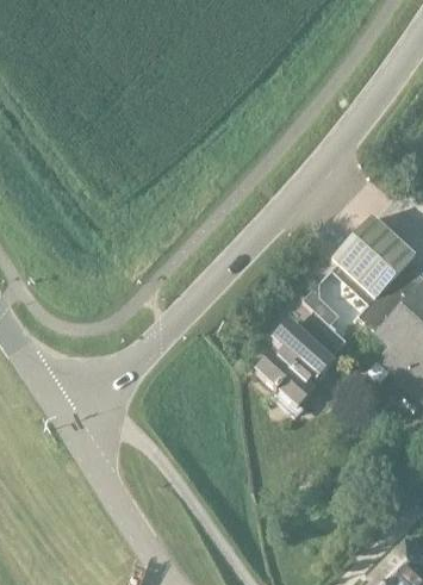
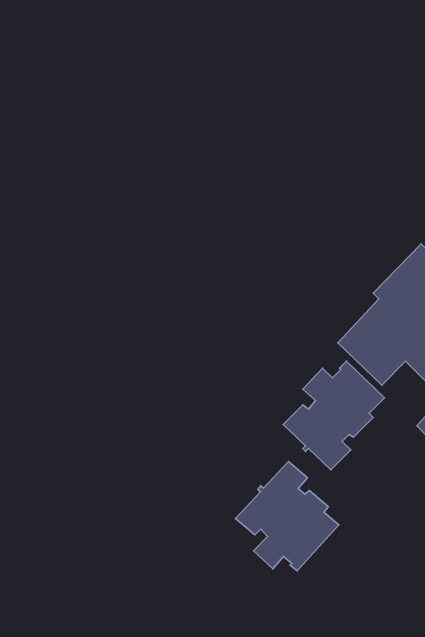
building: none -> [236,462,339,571]

